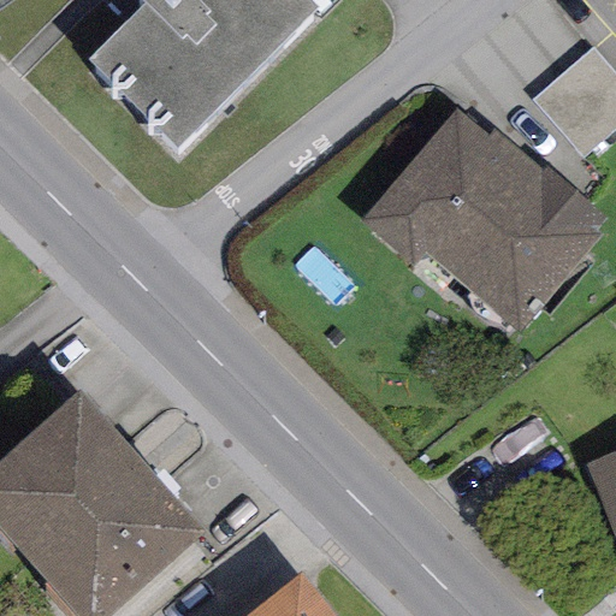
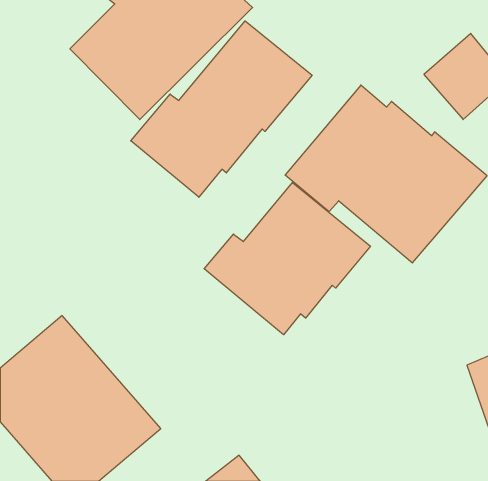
building: none -> [131,21,312,197]
building: none -> [204,182,370,335]

